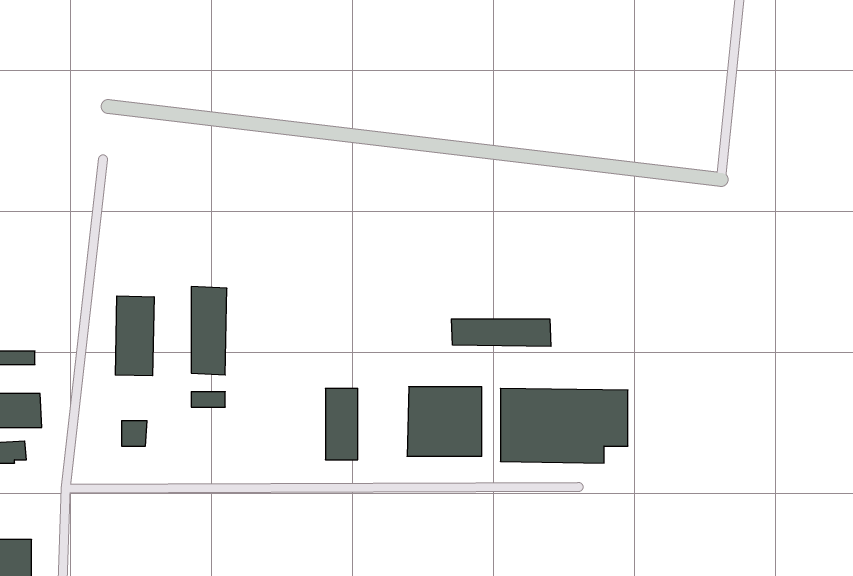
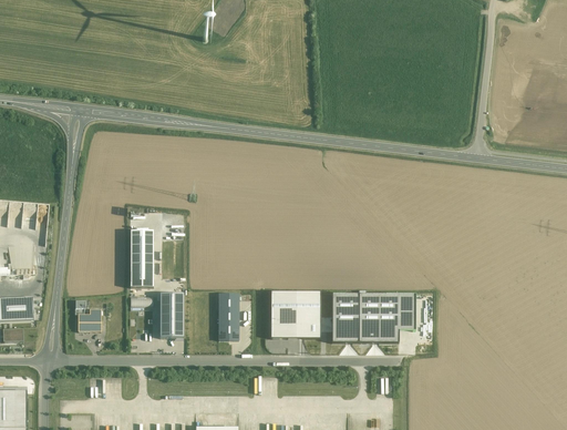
building: [115,296,154,376] -> none
building: [451,319,551,346] -> none
building: none -> [159,296,183,338]

